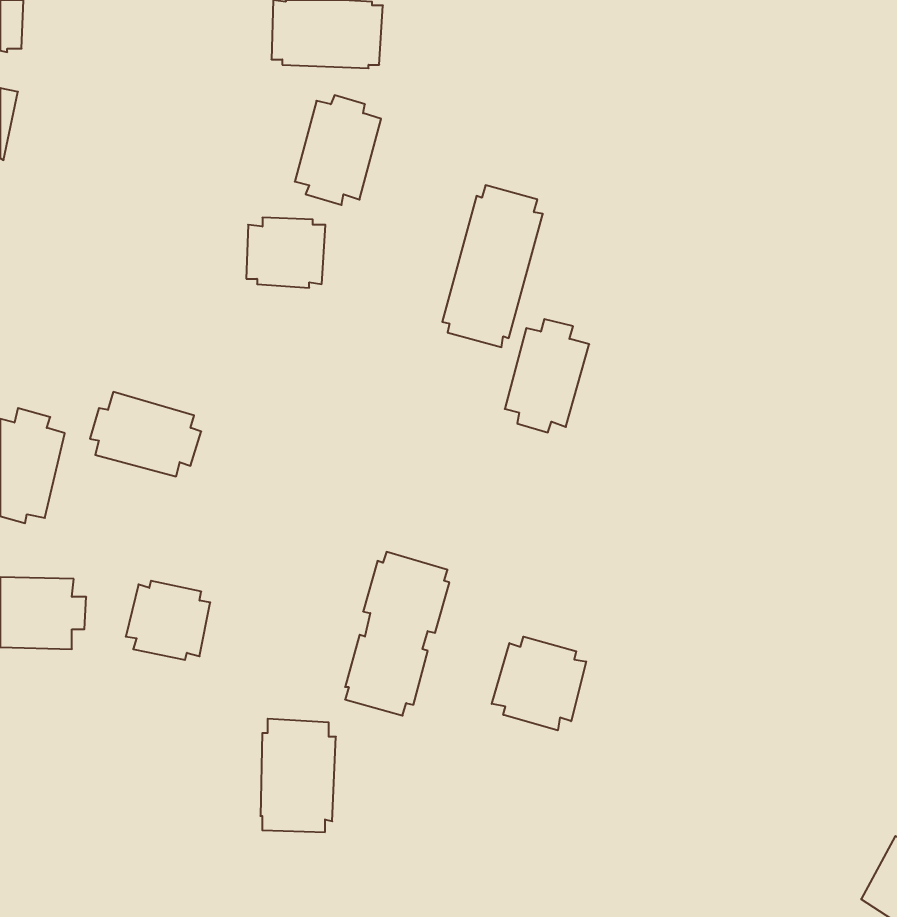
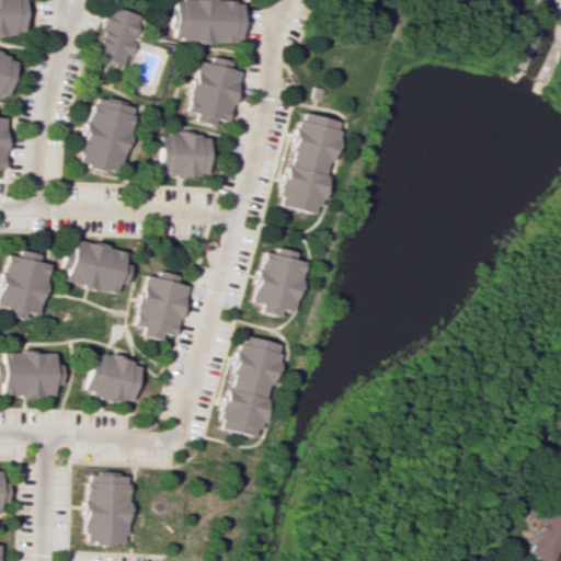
building: none -> [99,9,141,67]
building: none -> [80,100,135,173]
building: [505,319,589,432] -> [257,248,309,317]
building: none -> [139,273,193,341]
building: [492,637,586,730] -> none
building: [260,719,336,832] -> [88,474,134,543]

